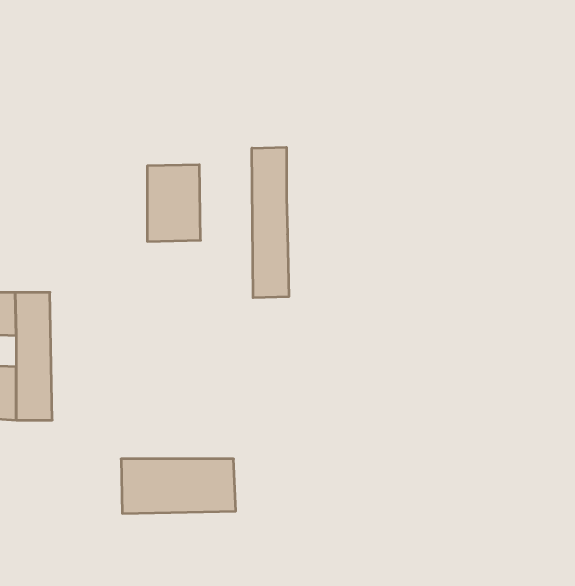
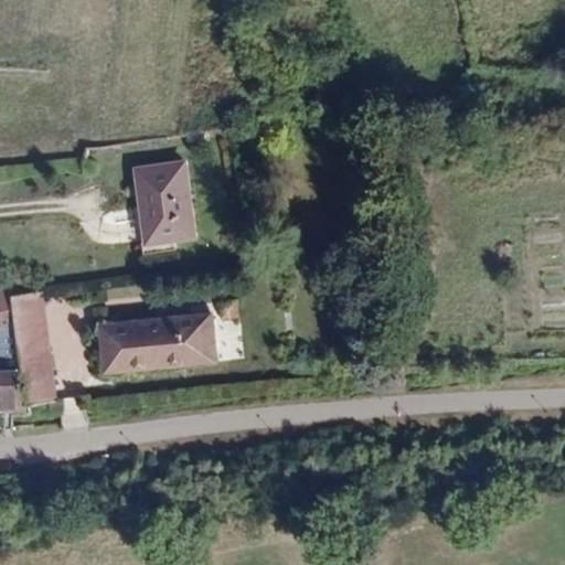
building: [252,147,289,298] -> none
building: [121,459,236,513] -> [100,319,210,371]

